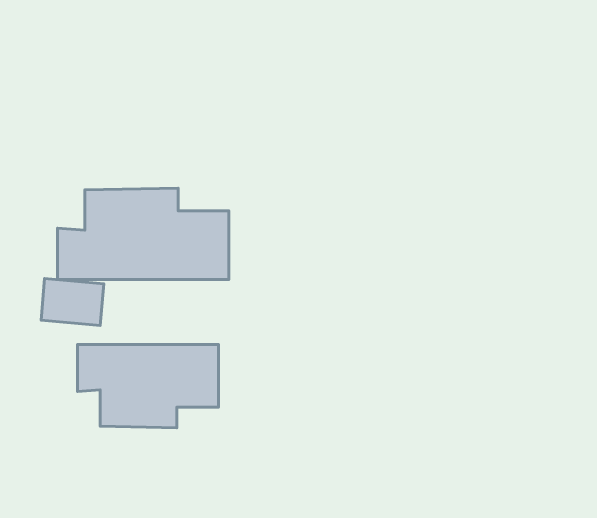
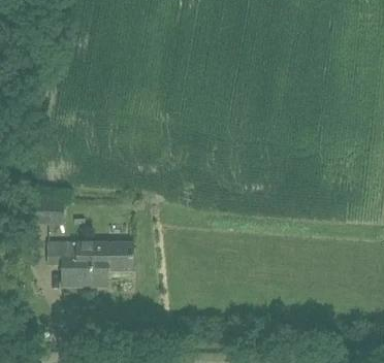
building: [57,188,229,280] -> none

